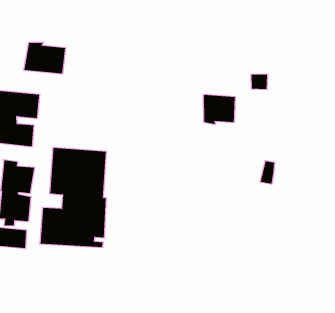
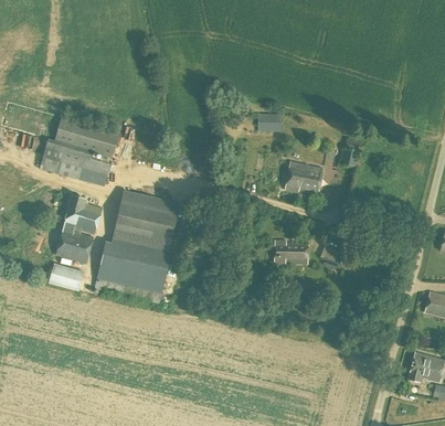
building: [24,42,65,74] -> none
building: none -> [257,113,282,132]
building: none -> [274,239,308,264]

